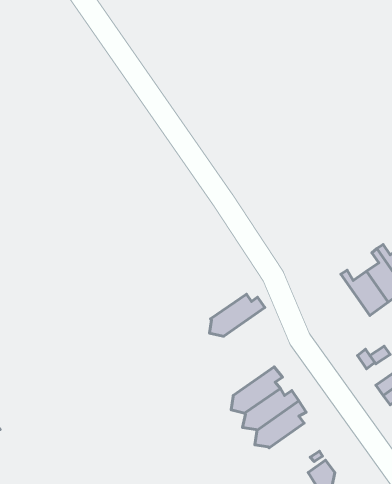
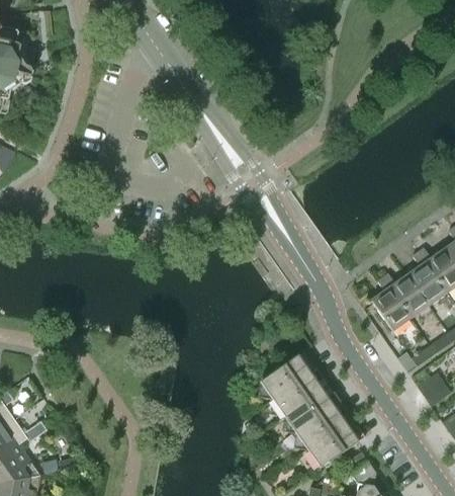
building: none -> [370,278,410,332]
building: [209,294,265,336] -> [261,356,315,398]
building: none -> [308,425,364,467]

